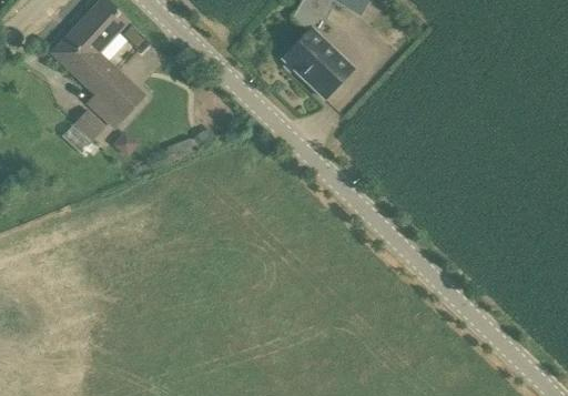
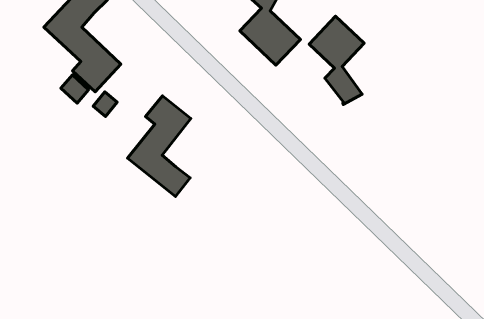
building: none -> [309,16,364,105]
building: none -> [127,96,191,197]

